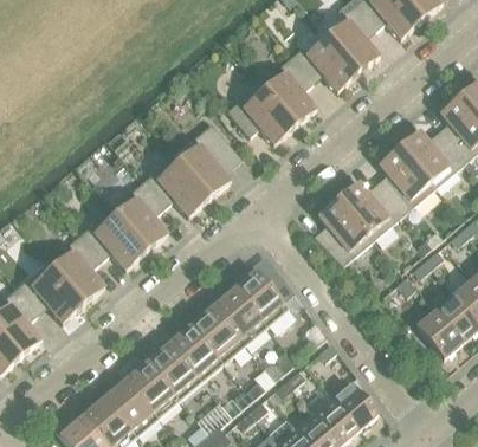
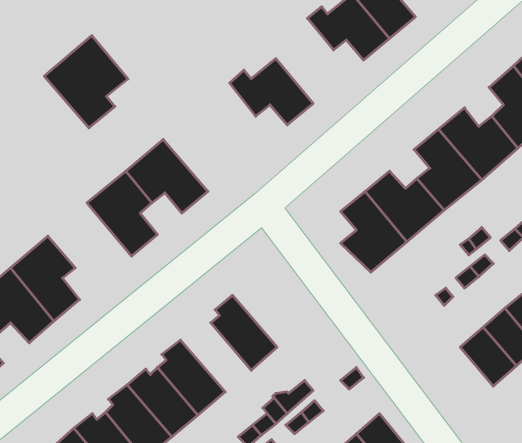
building: [264,58,316,128] -> none
building: [172,124,240,200] -> [44,36,128,128]
building: [77,209,146,271] -> none
building: [228,271,293,331] -> none
building: [186,307,244,364] -> none

